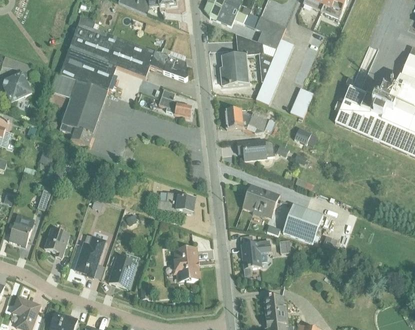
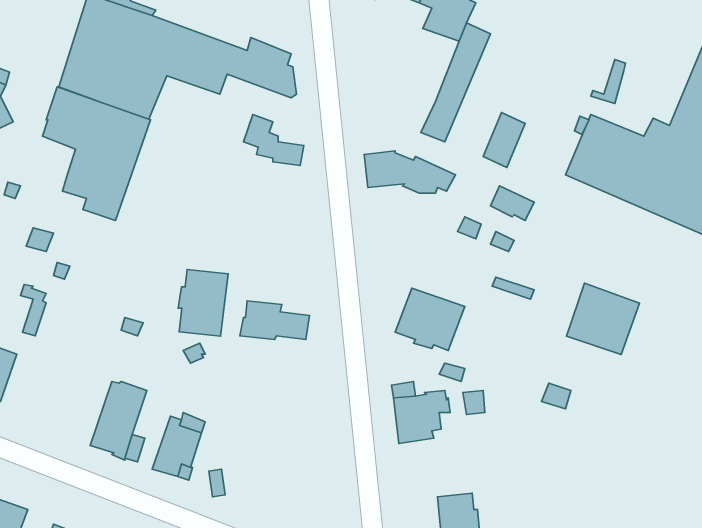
building: [220,33,276,84] -> none
building: [236,139,274,159] -> none
building: none -> [178,269,228,336]
building: [282,203,322,242] -> [566,283,639,354]
building: [43,227,69,258] -> none
building: [171,246,198,280] -> none

